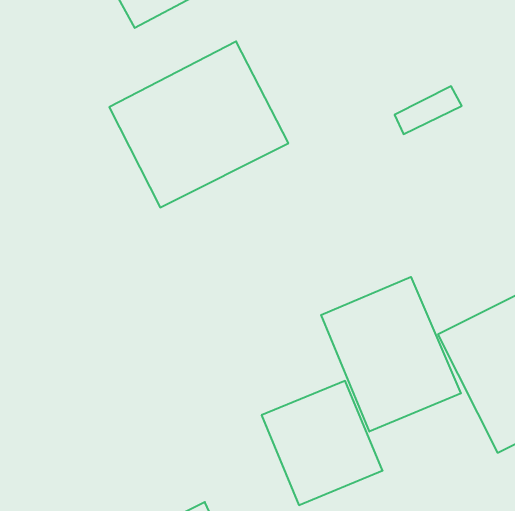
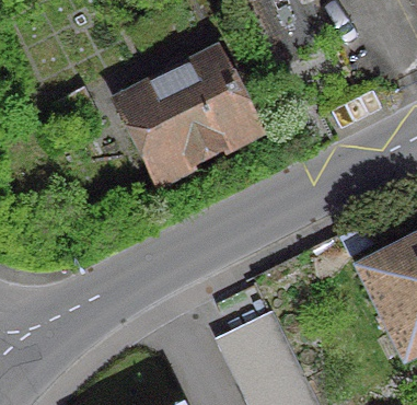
building: [321,277,461,432] -> none

